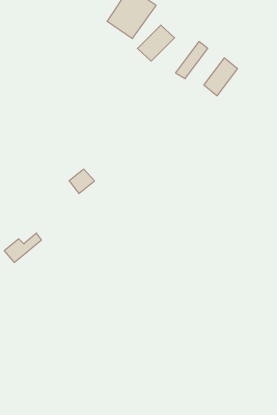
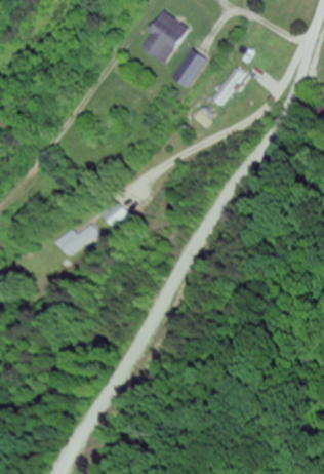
building: [204,58,237,96] -> none
building: [4,233,41,262] -> [52,224,91,254]

